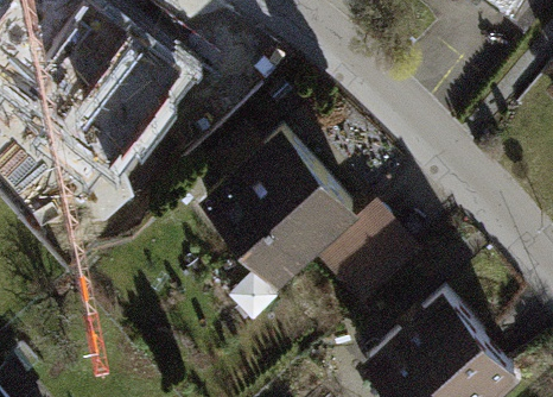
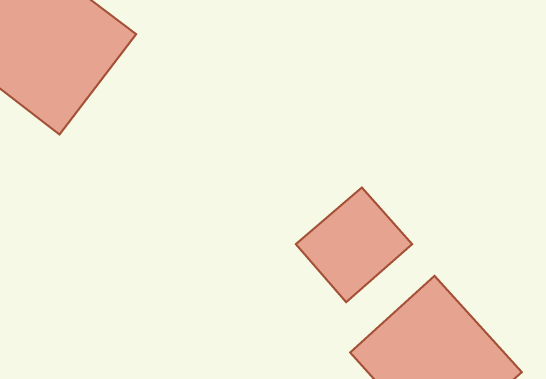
building: [196,130,351,284] -> none

